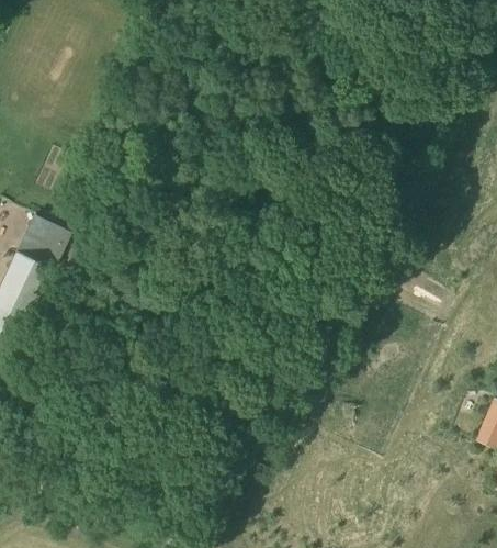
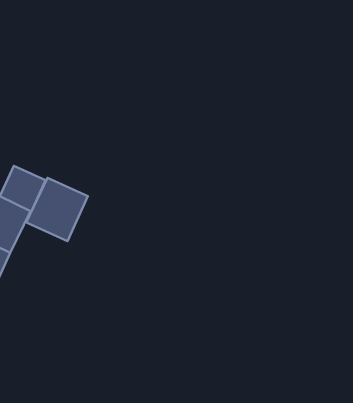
building: none -> [26,178,88,241]

